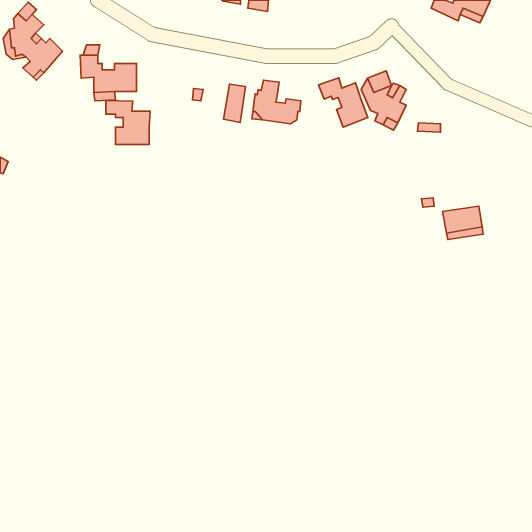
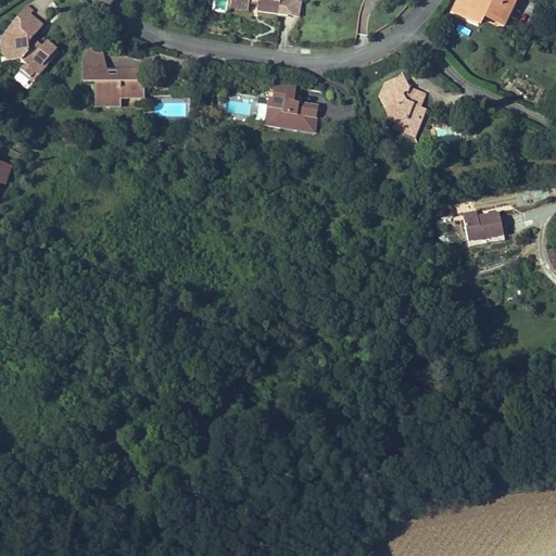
building: [318,78,368,127] -> none
building: [224,84,245,123] -> none
building: [106,100,150,144] -> none

